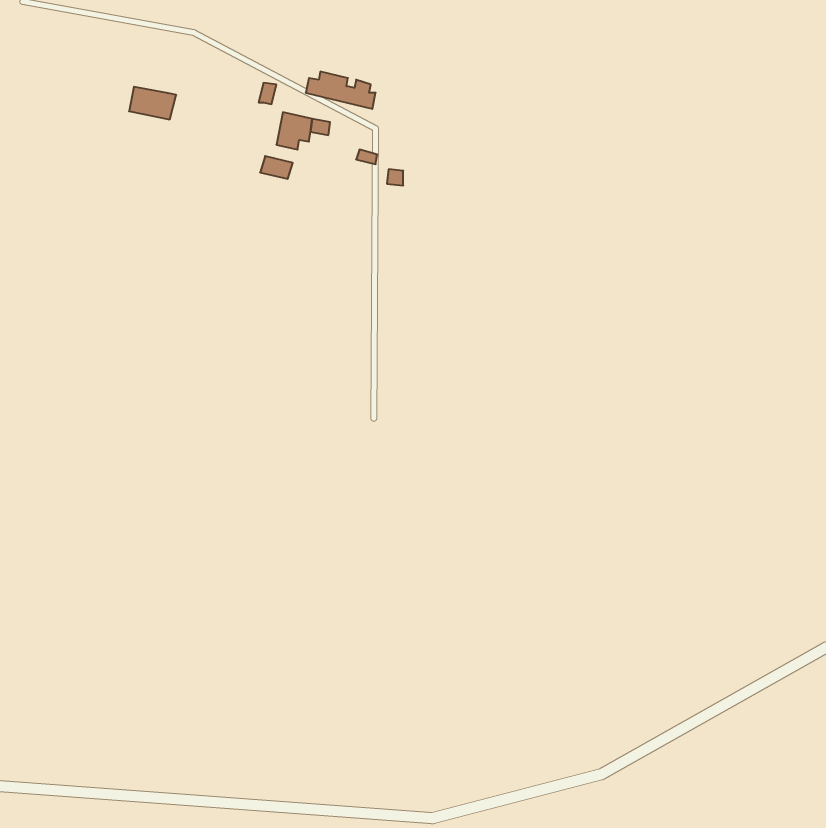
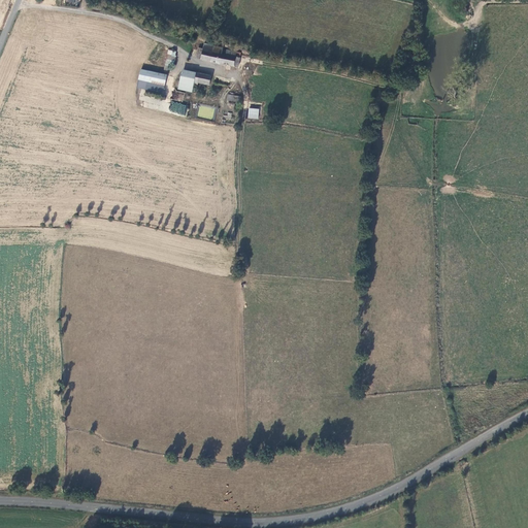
building: [129,87,176,119] -> [137,72,167,93]

